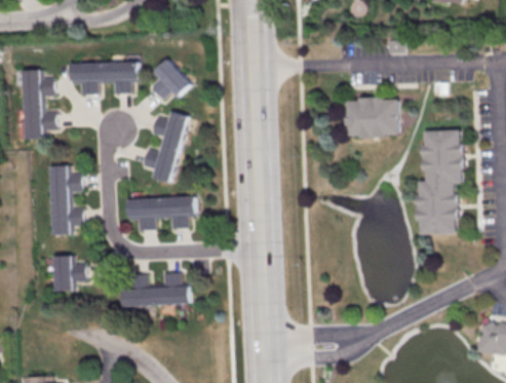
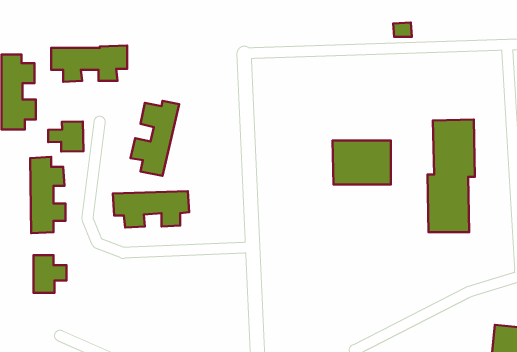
building: [152,59,192,99] -> none
building: [346,97,400,138] -> [332,140,391,185]
building: none -> [48,121,83,152]
building: [121,272,191,306] -> none

